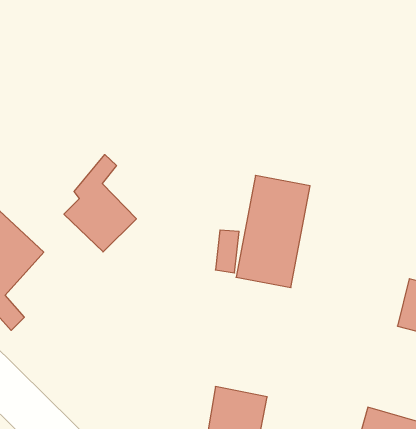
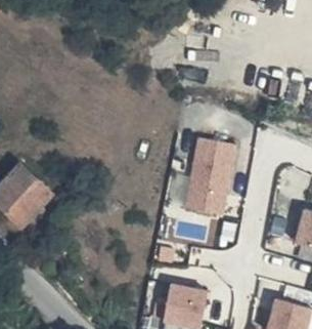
building: [64,155,136,252] -> none

